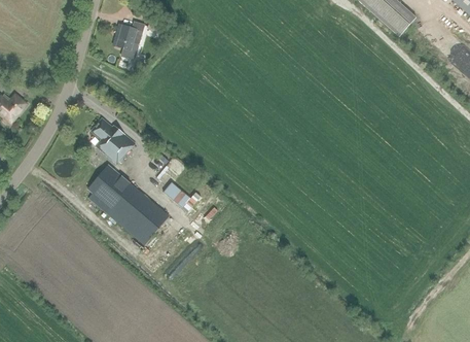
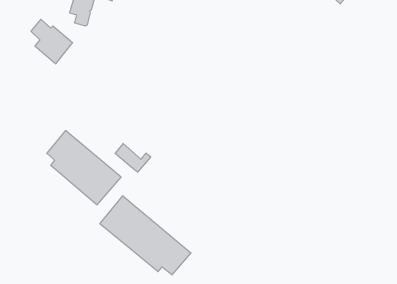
building: [92,117,135,164] -> [31,19,73,64]
building: none -> [100,196,191,275]

